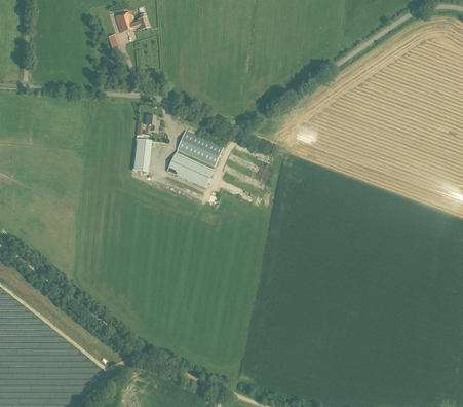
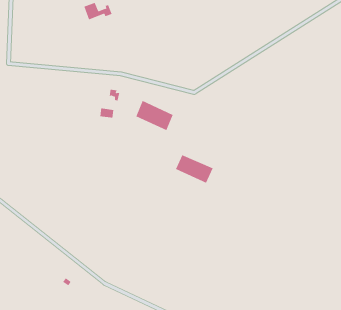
building: [166,153,213,188] -> [175,155,213,184]

